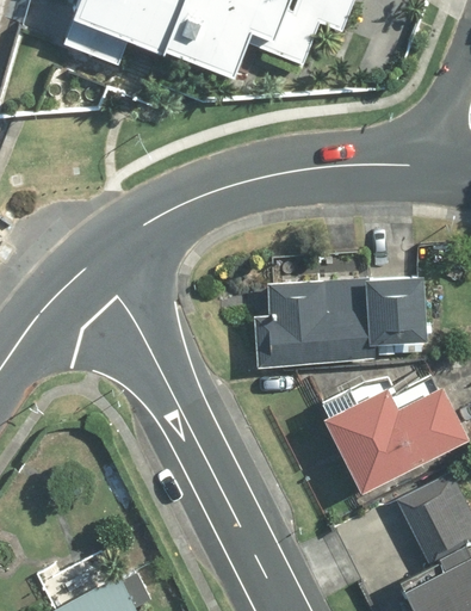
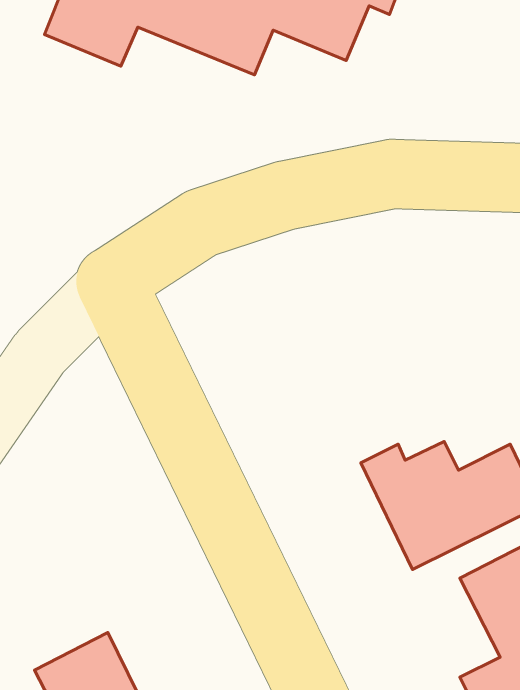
building: [253,277,429,364] -> none

